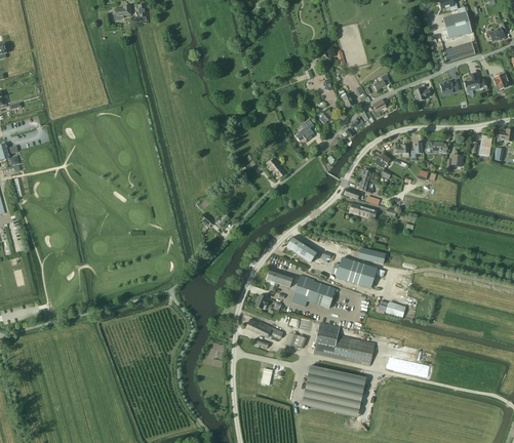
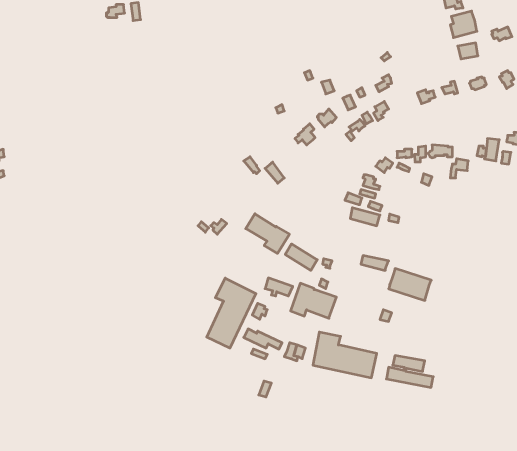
building: none -> [246,214,289,253]
building: [335,257,377,288] -> [389,269,431,300]
building: none -> [207,278,256,348]
building: [302,365,366,416] -> none

